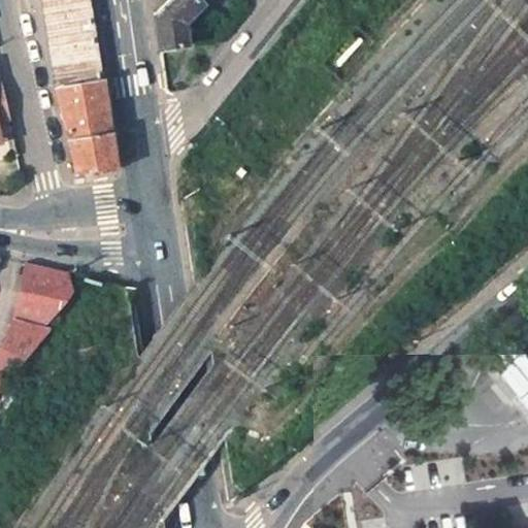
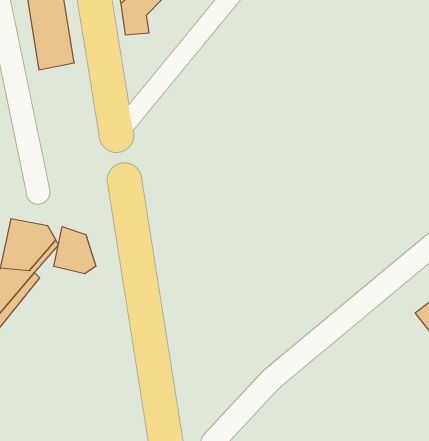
building: [58,77,114,173] -> none
building: none -> [54,227,96,274]

